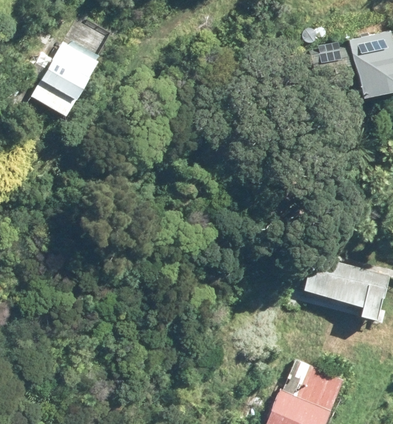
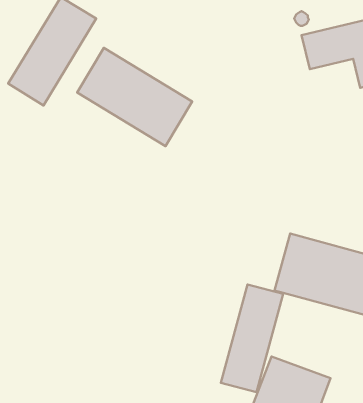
building: none -> [77,48,192,146]
building: none -> [221,284,283,392]

